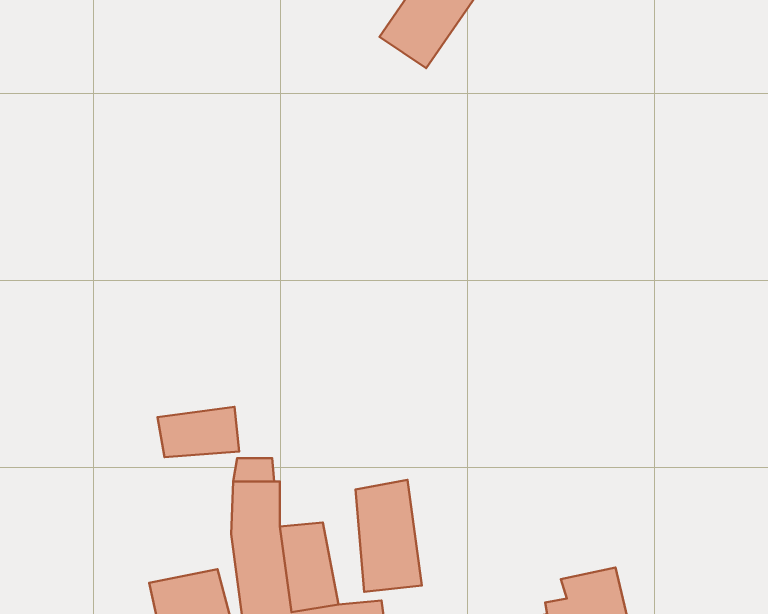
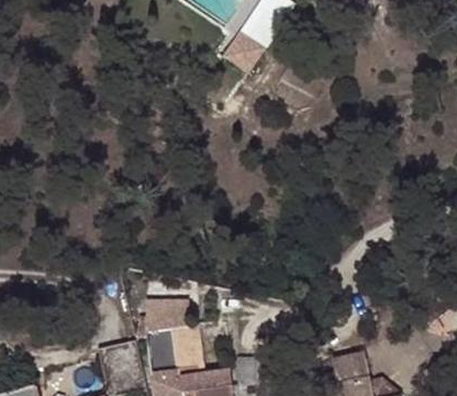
building: [157,407,239,457] -> none
building: [356,480,422,592] -> none

